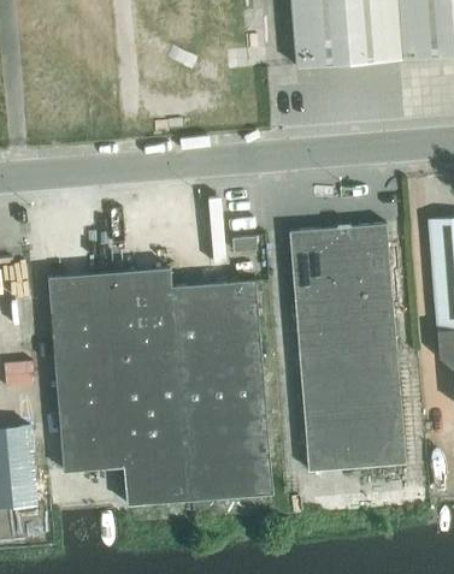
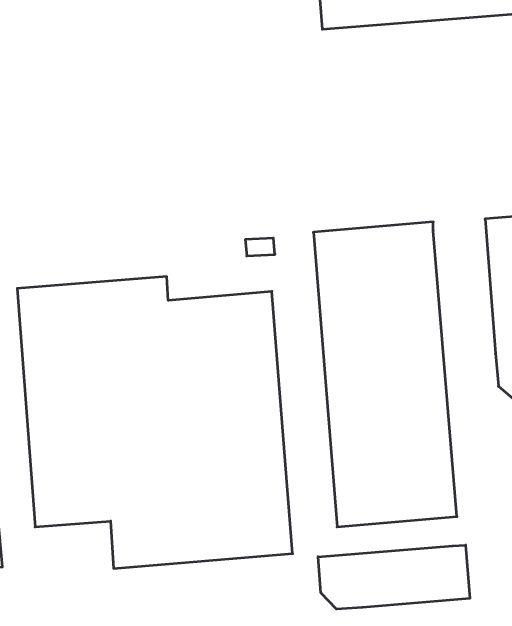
building: none -> [318,545,470,609]

